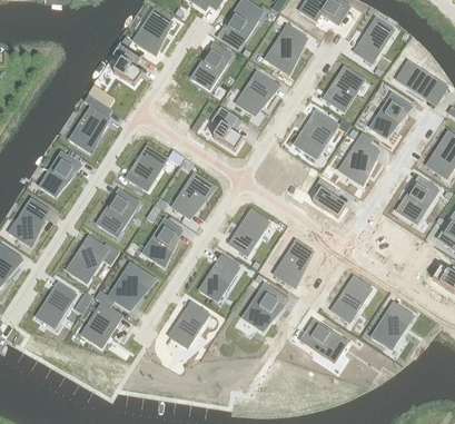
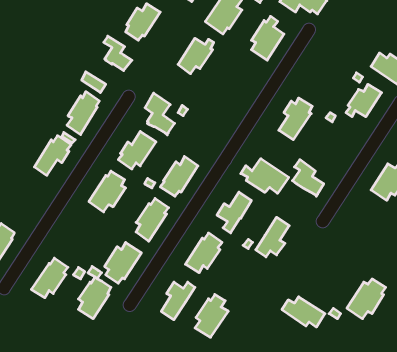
building: [357,17,389,63] -> none
building: [325,69,363,109] -> none
building: [236,75,275,114] -> none
building: [211,106,243,150] -> [145,93,175,135]
building: [343,140,378,184] -> none
building: none -> [241,159,289,193]
building: [13,198,48,244] -> none
building: [71,241,106,283] -> none
building: [335,276,367,321] -> none
building: [246,285,281,331] -> [195,294,228,337]

